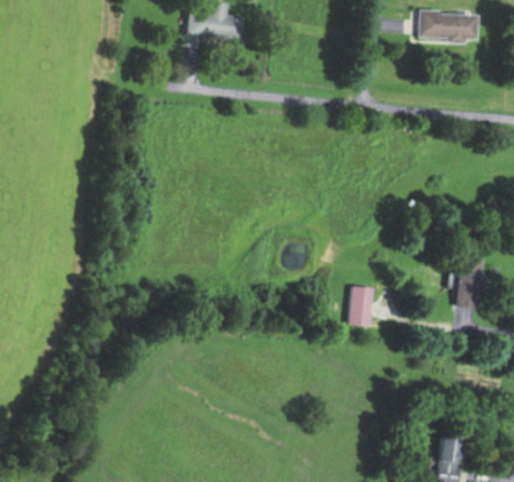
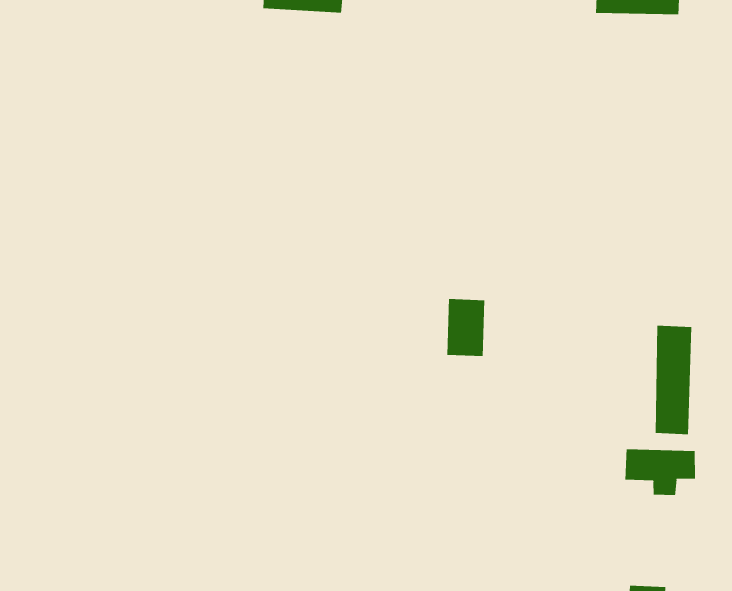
building: [347,286,374,326] -> [447,298,485,357]
building: none -> [625,448,695,496]

